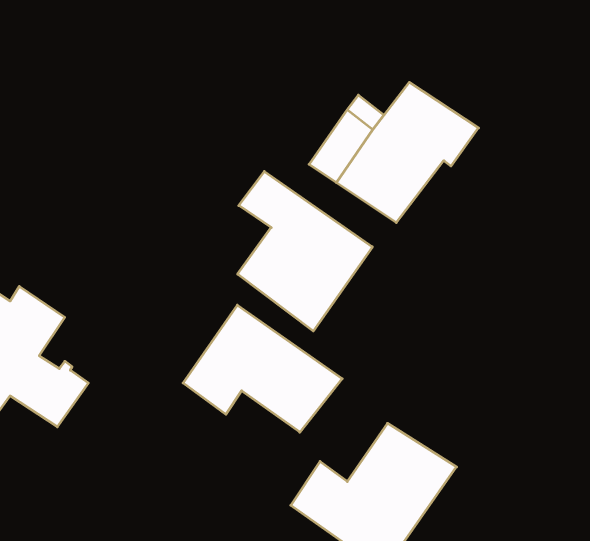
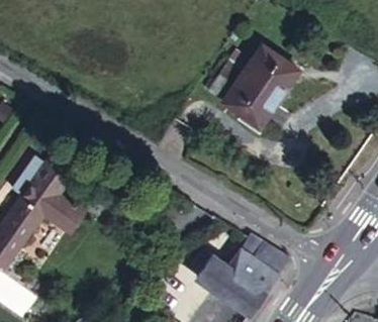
building: [238,171,372,331] -> none
building: [183,305,342,432] -> none

